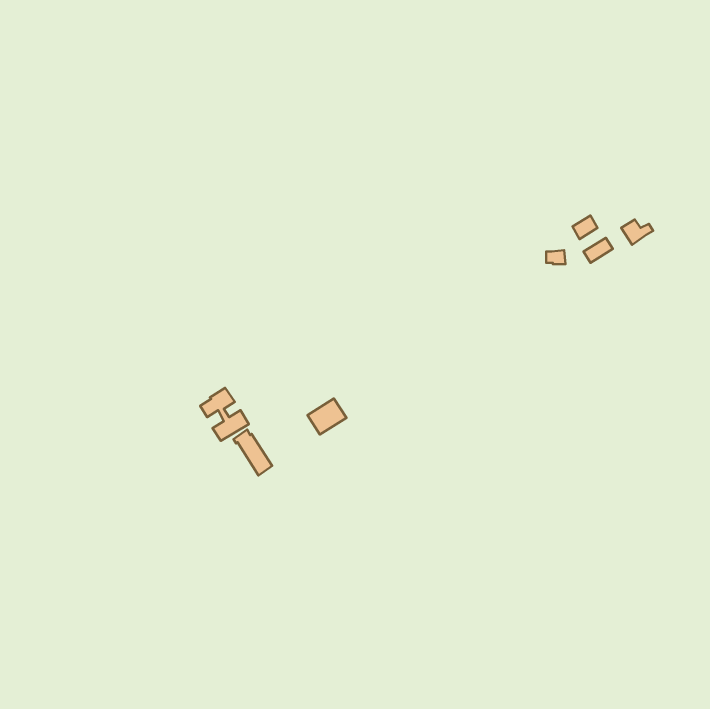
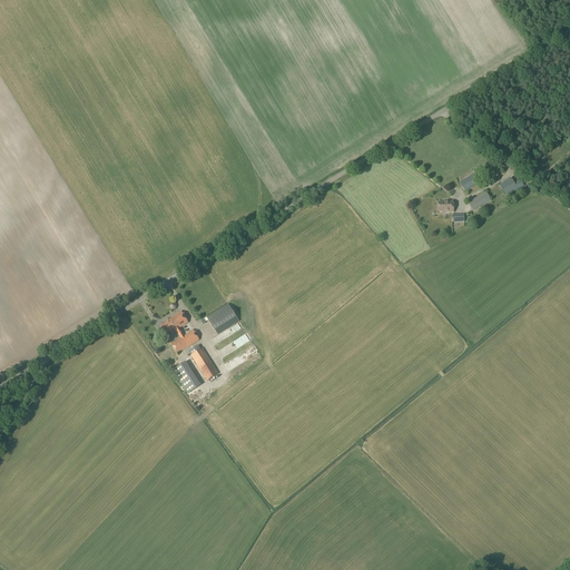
building: [307,398,346,435] -> [207,304,238,333]

